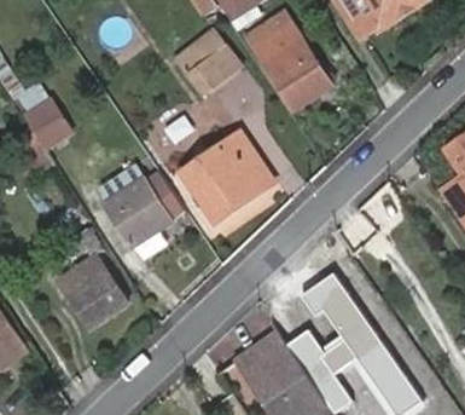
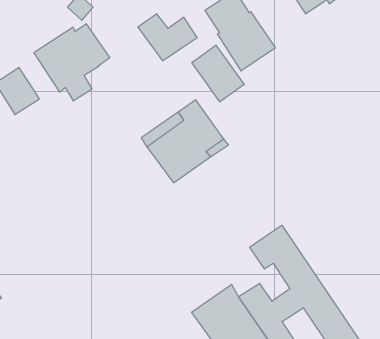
building: none -> [192,45,244,102]
building: [101,172,184,255] -> [34,24,110,101]
building: [57,253,126,325] -> none

